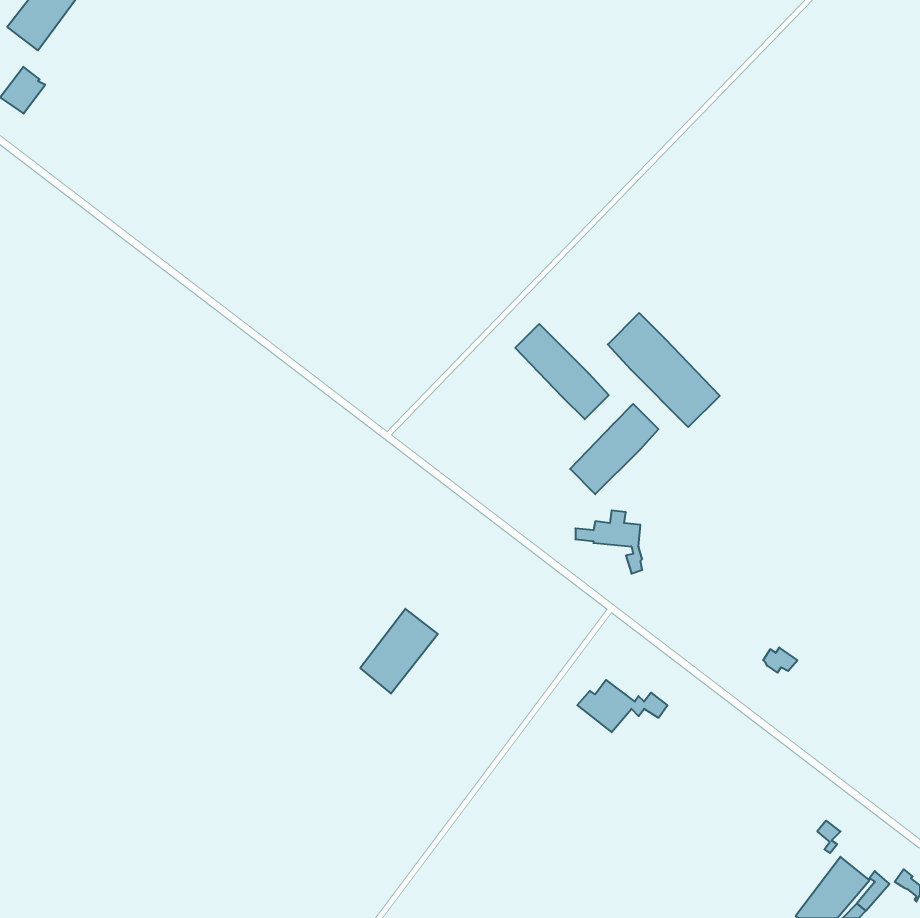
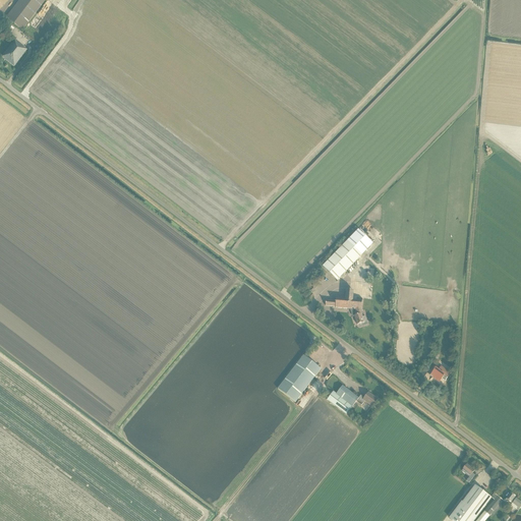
building: [608,313,720,427] -> none
building: [515,324,609,419] -> none
building: [360,609,438,694] -> [277,353,321,401]

